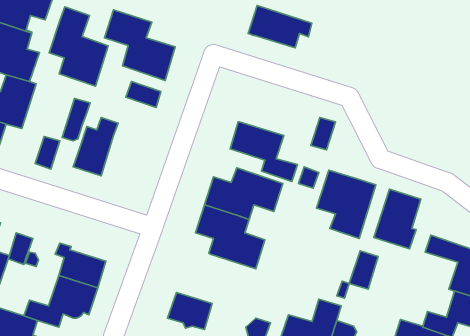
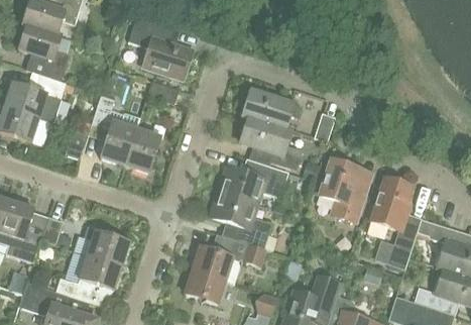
building: [248,5,312,48] -> [242,89,300,127]
building: [49,7,108,86] -> none
building: none -> [124,128,160,173]
building: [349,251,378,289] -> [387,233,414,267]
building: none -> [192,235,266,283]

